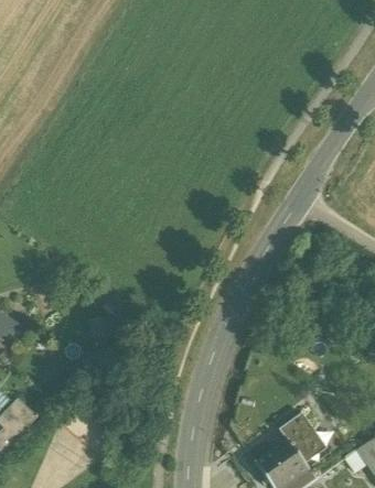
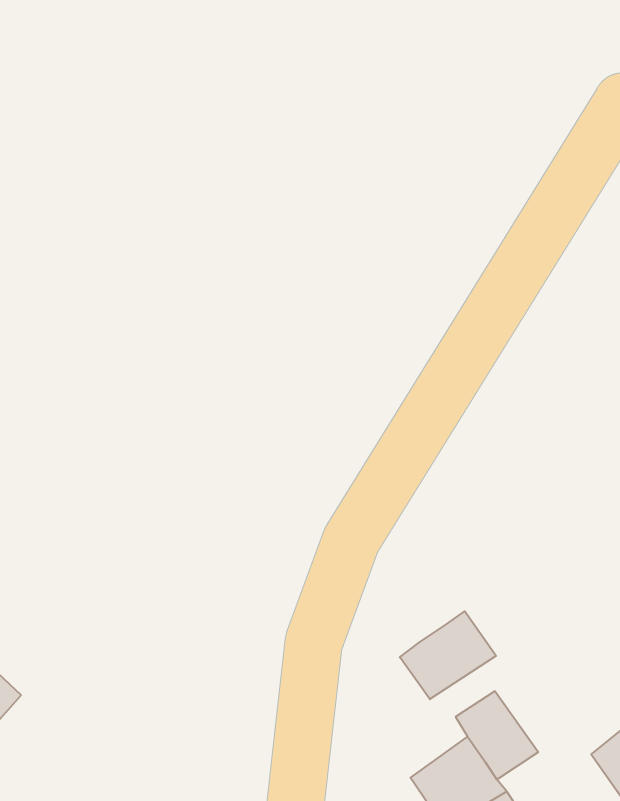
building: none -> [400,611,496,699]

